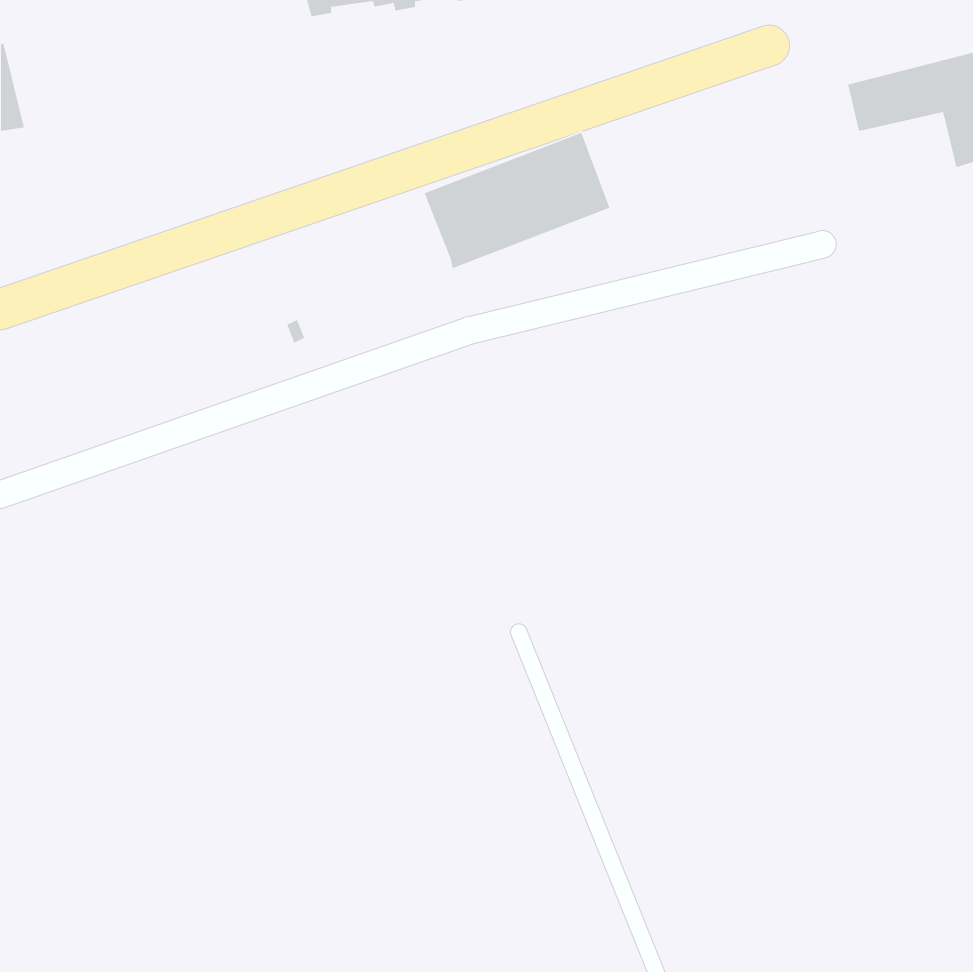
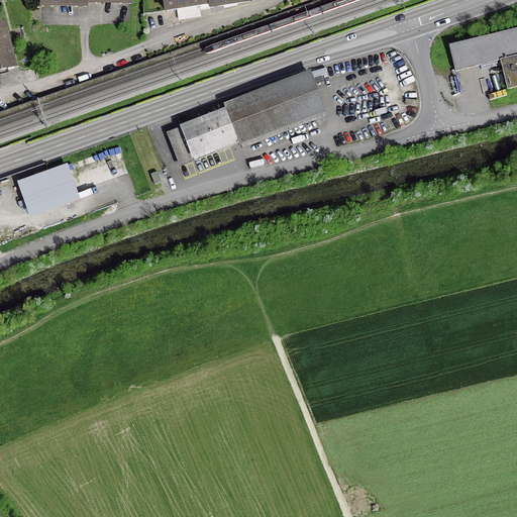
building: none -> [168,102,239,161]
building: none -> [20,164,79,215]

